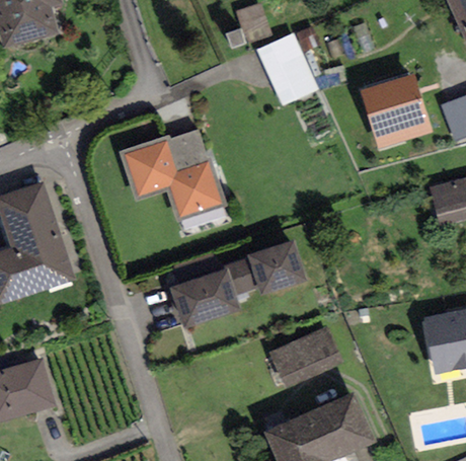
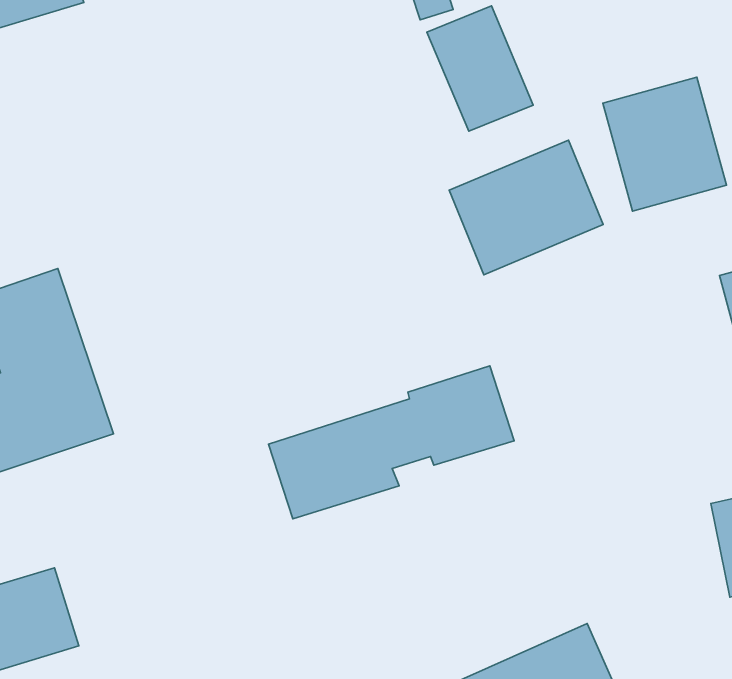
building: none -> [449,140,603,275]
building: [118,130,226,220] -> none
building: [267,325,343,390] -> none

